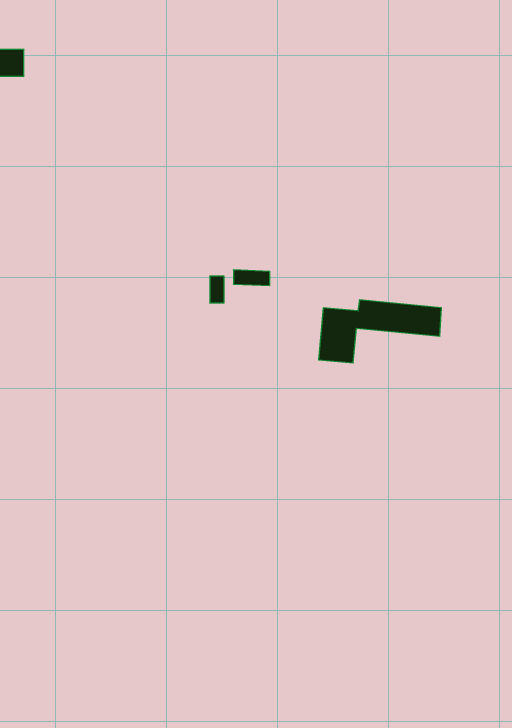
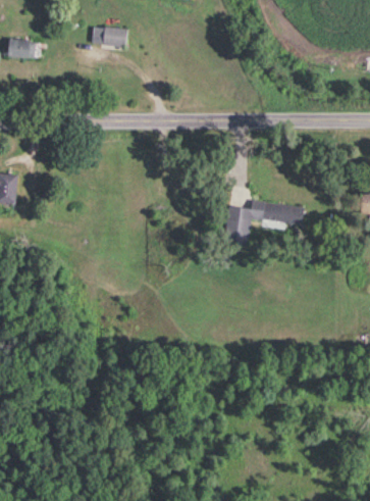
building: none -> [91,28,126,45]

